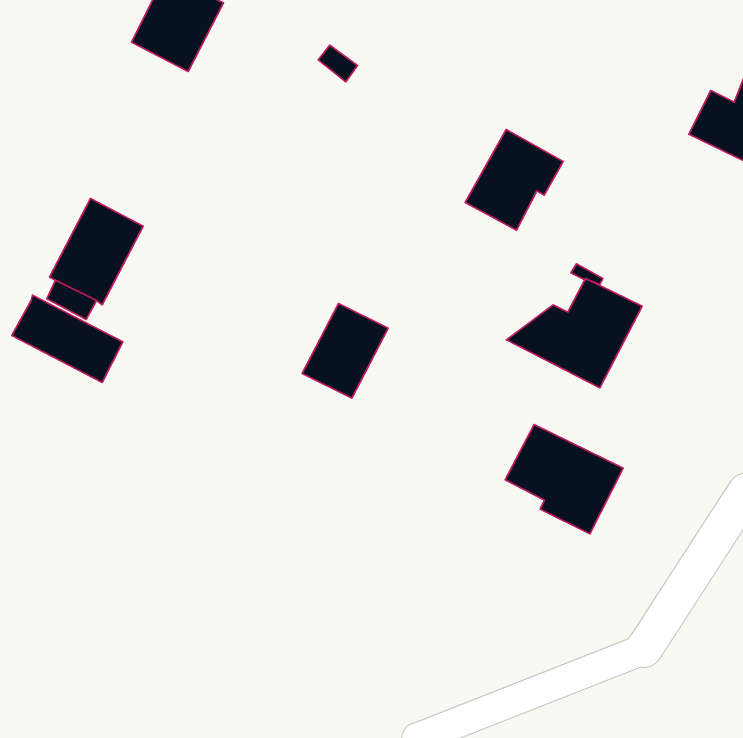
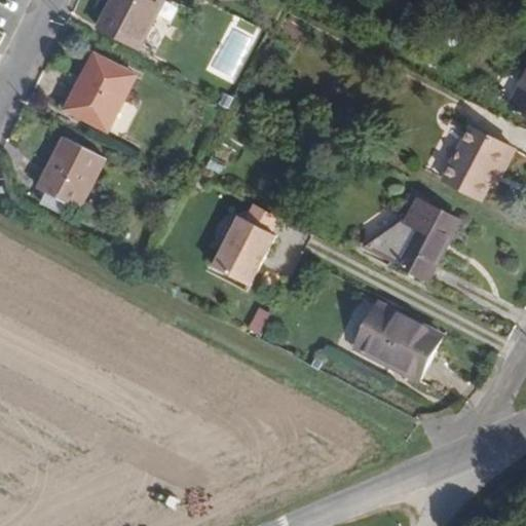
building: none -> [67,60,130,133]
building: [465,129,563,230] -> [442,125,511,196]
building: [12,295,123,382] -> none

